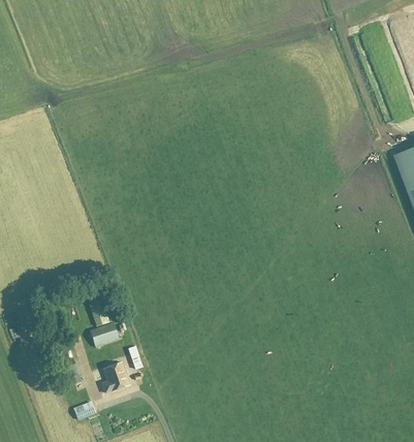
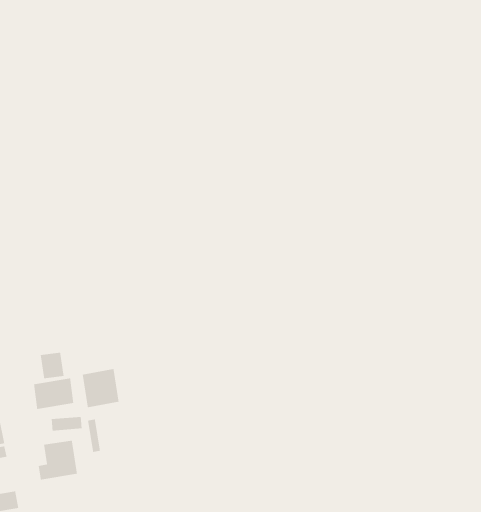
building: none -> [82,368,120,408]

